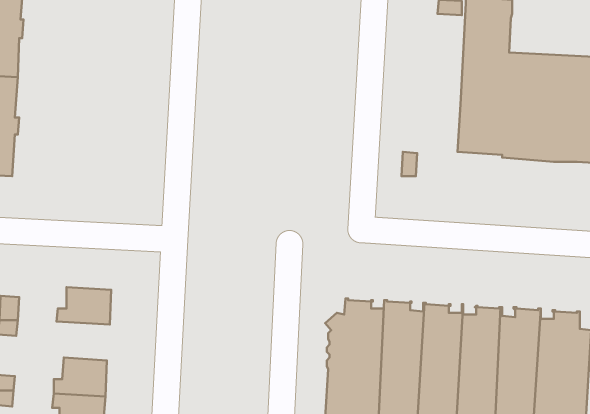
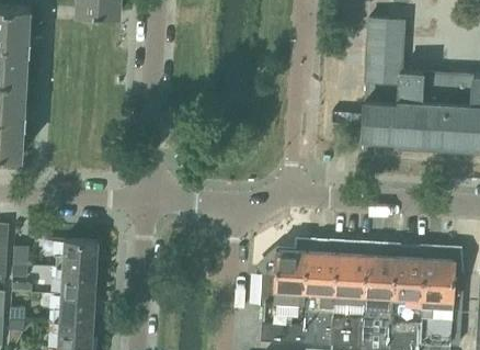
building: none -> [56,268,96,297]

